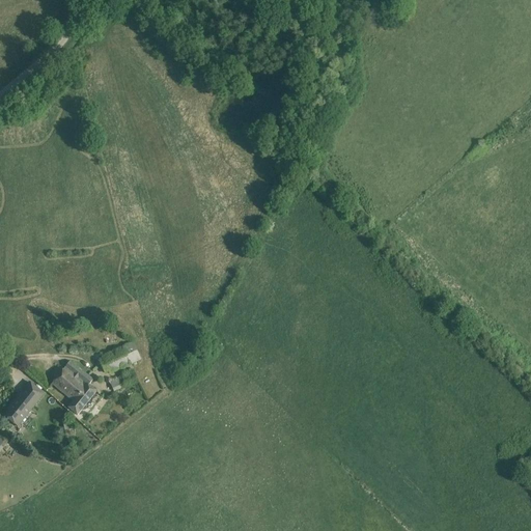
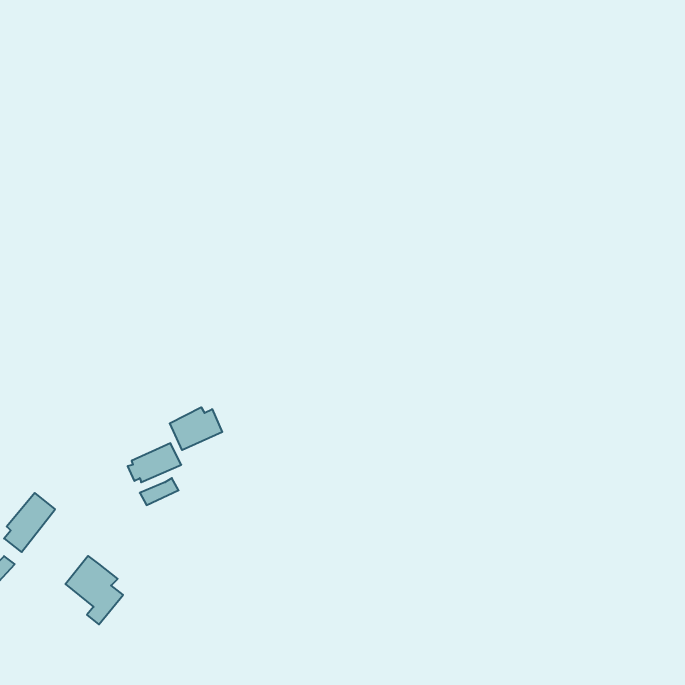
building: none -> [170,407,222,450]
building: [51,361,95,414] -> [65,556,123,624]

